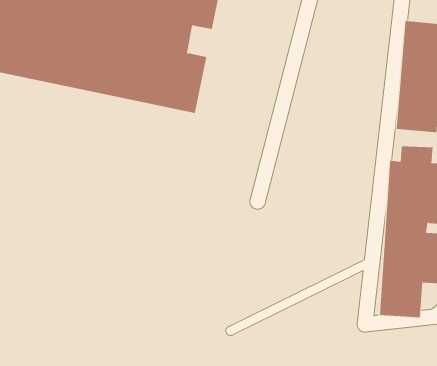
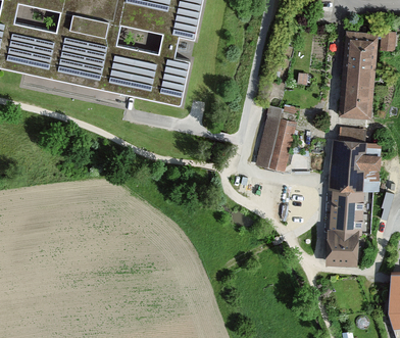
building: none -> [256,106,298,174]

